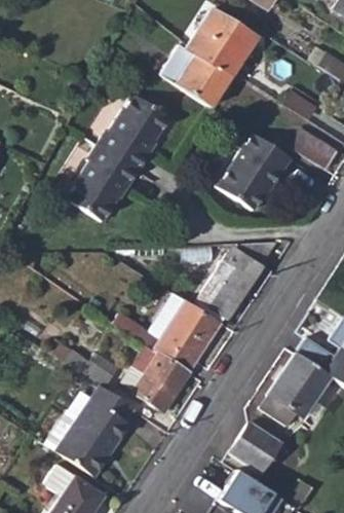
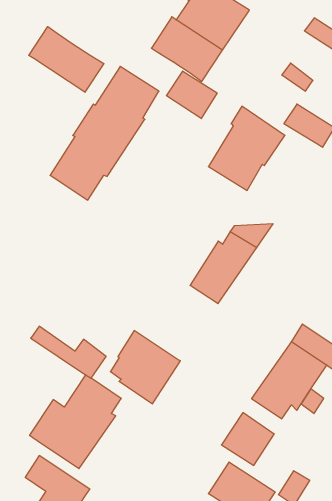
building: none -> [29,27,104,92]
building: none -> [166,71,217,119]
building: [114,294,220,372] -> none

